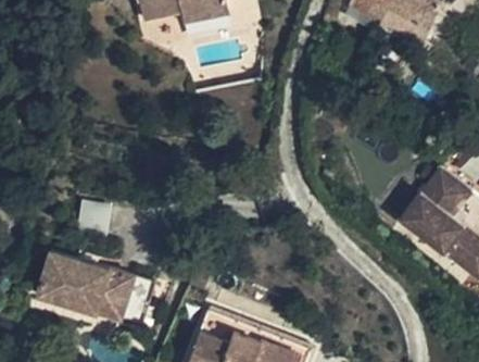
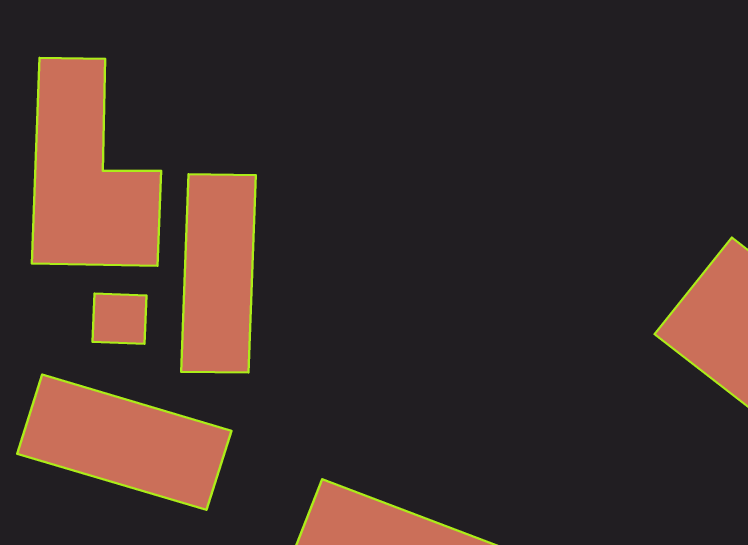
building: none -> [32,58,161,266]
building: none -> [181,174,256,373]

